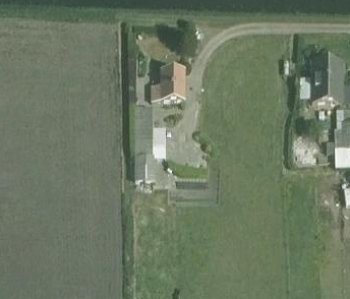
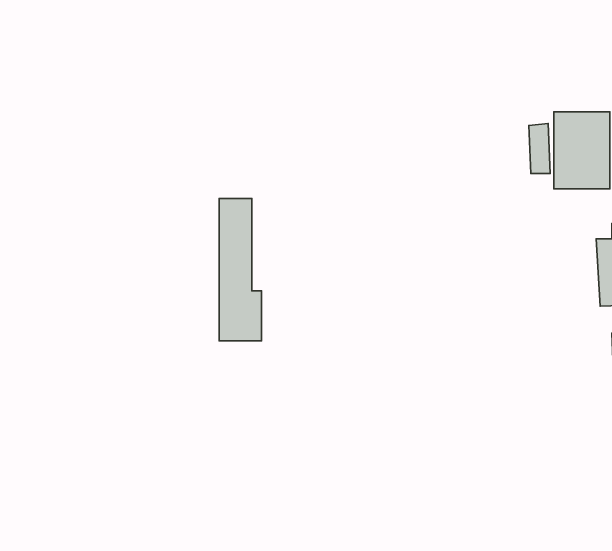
building: [152,68,185,100] -> none

